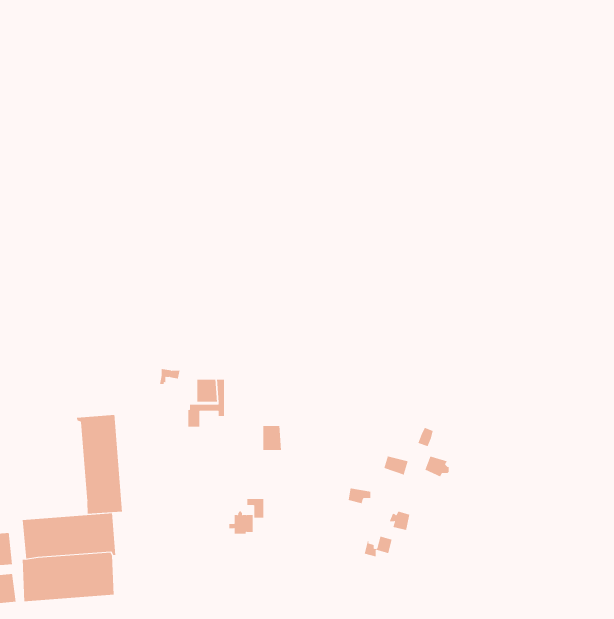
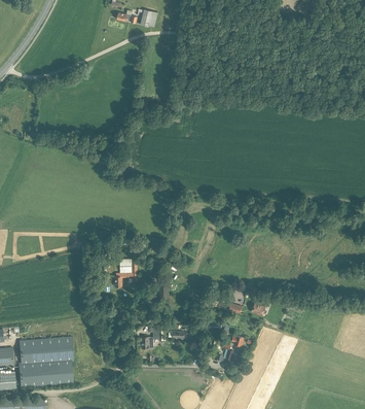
building: [76,414,122,514] -> none

